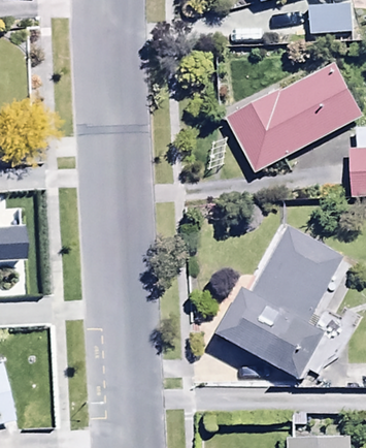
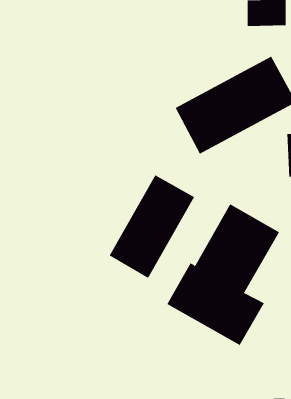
building: none -> [109,174,195,279]

